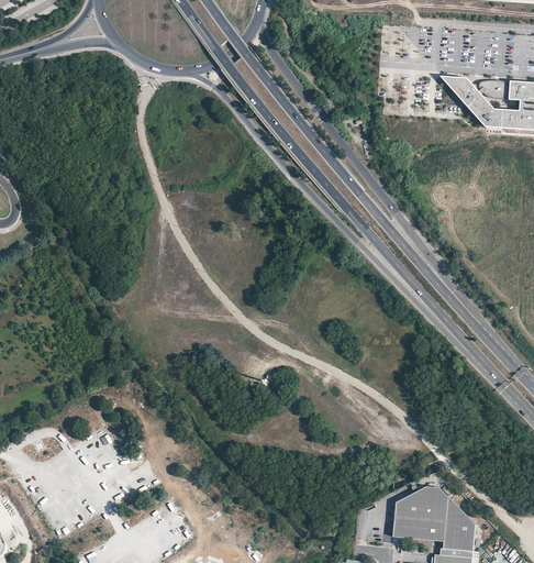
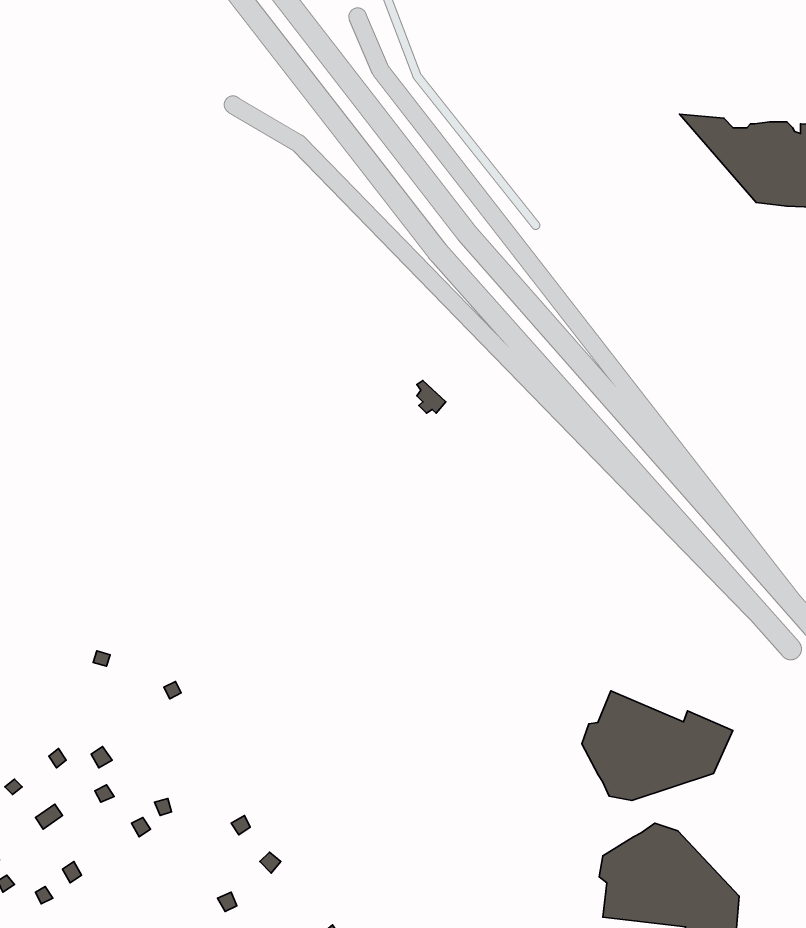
building: none -> [582,691,733,801]

